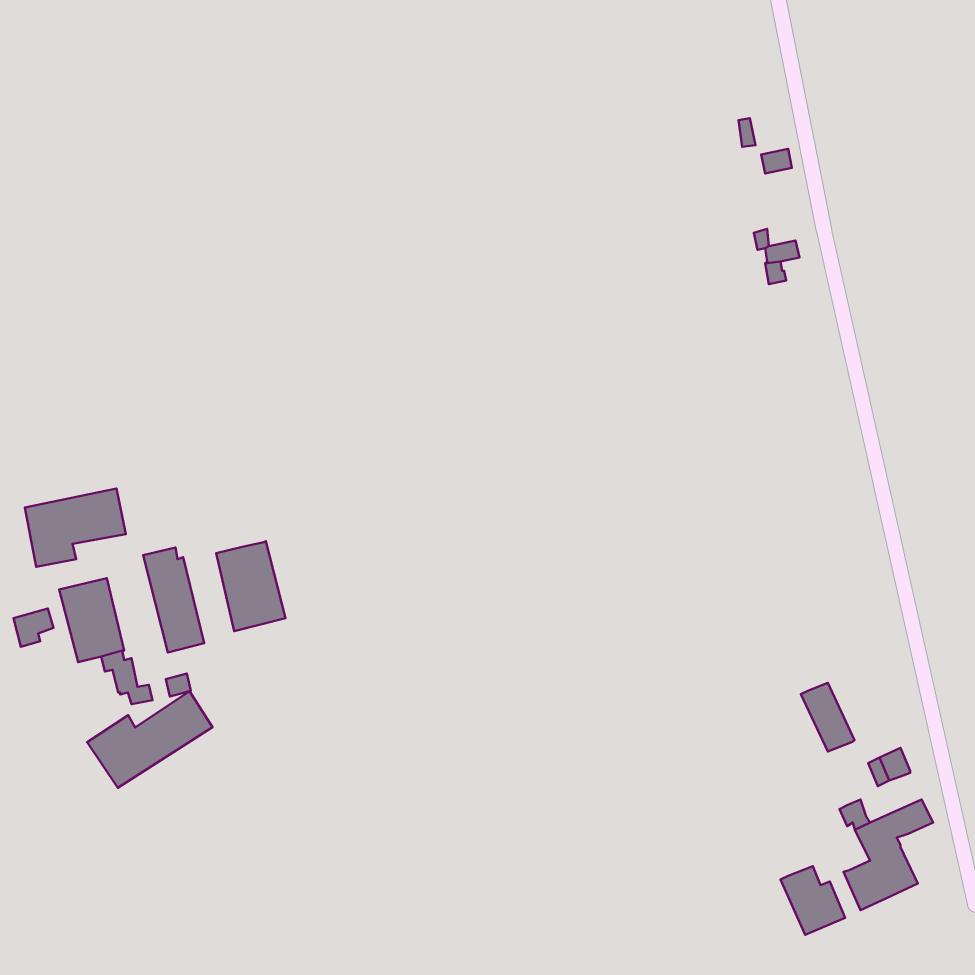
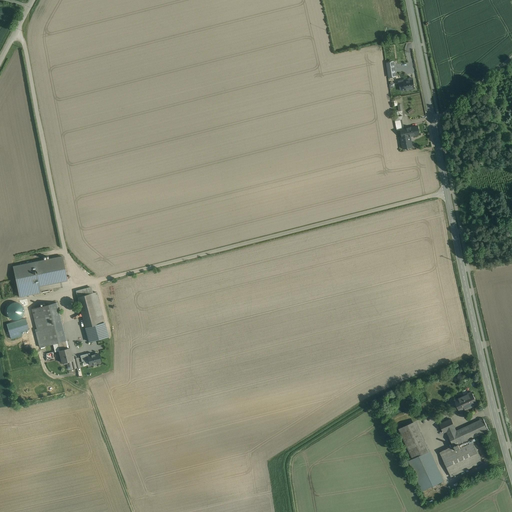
building: [216,541,286,631] -> none
building: [801,683,854,751] -> [399,423,427,459]
building: [87,691,213,788] -> none

